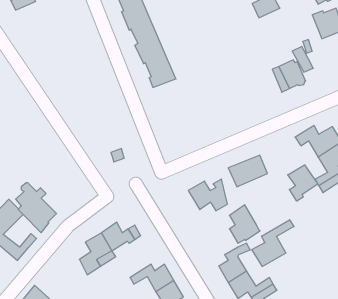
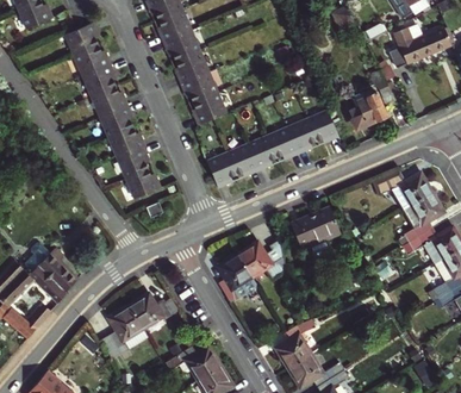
building: none -> [62,21,157,196]
building: none -> [205,110,338,191]
building: [288,165,318,201] -> none
building: [229,205,260,243] -> [220,252,258,300]
building: [252,220,294,266] -> none

